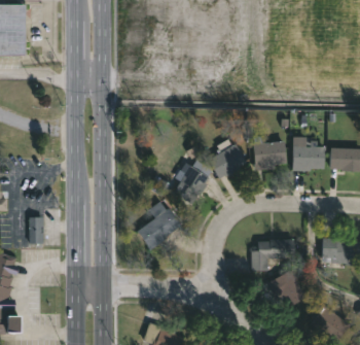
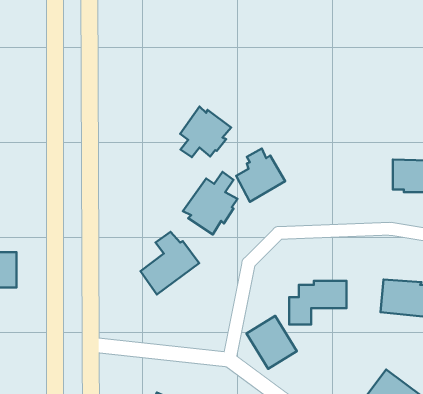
building: none -> [180,107,231,157]
building: [295,137,323,171] -> none
building: [254,142,287,171] -> none
building: [264,271,302,311] -> [247,316,297,369]

